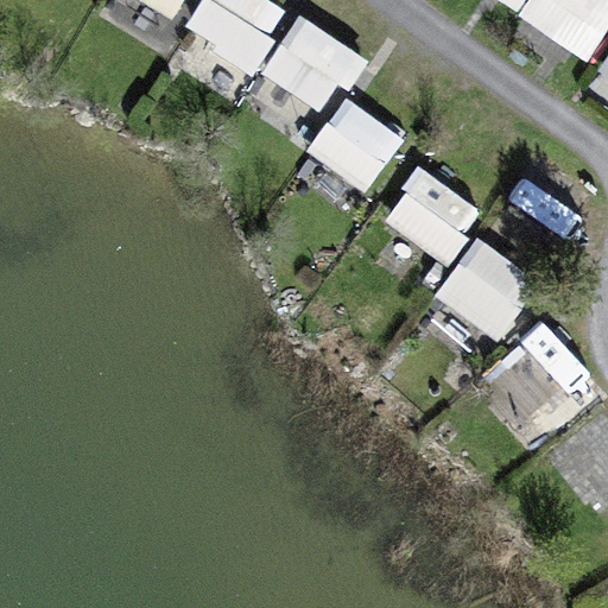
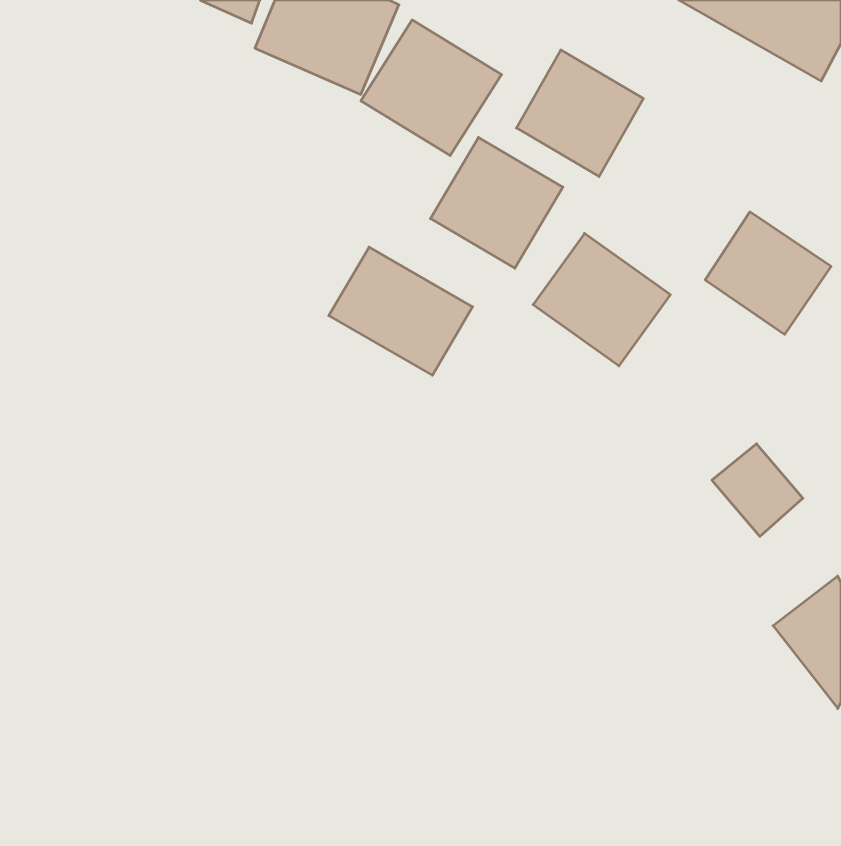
building: none -> [516,50,643,177]
building: none -> [329,247,473,375]
building: [433,241,537,342] -> none

